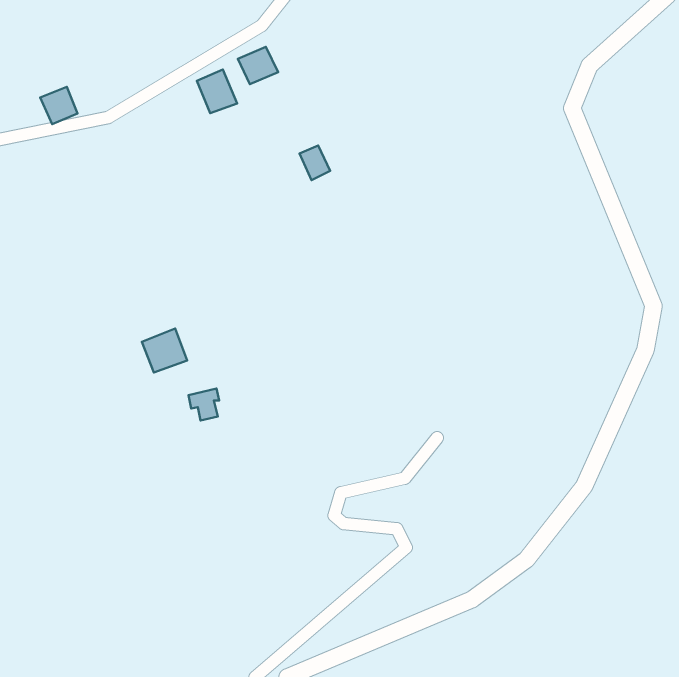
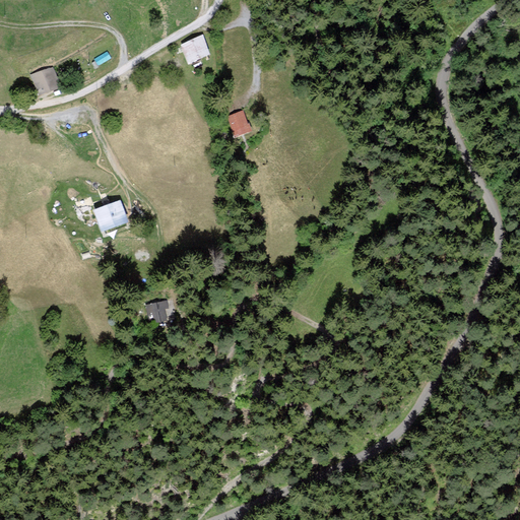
building: [197,70,237,113] -> none
building: [142,328,187,373] -> [94,199,129,233]

